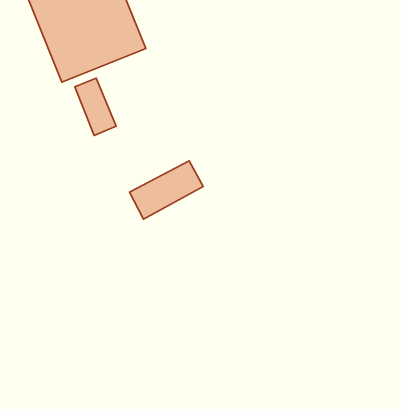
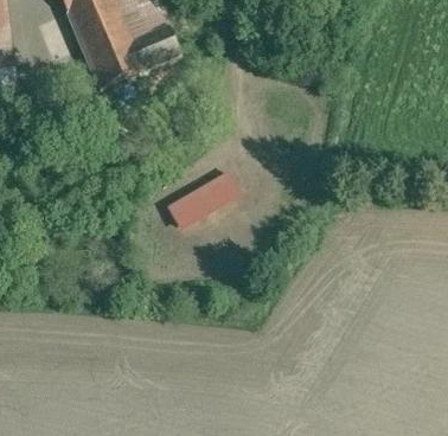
building: [75,78,116,135] -> none

